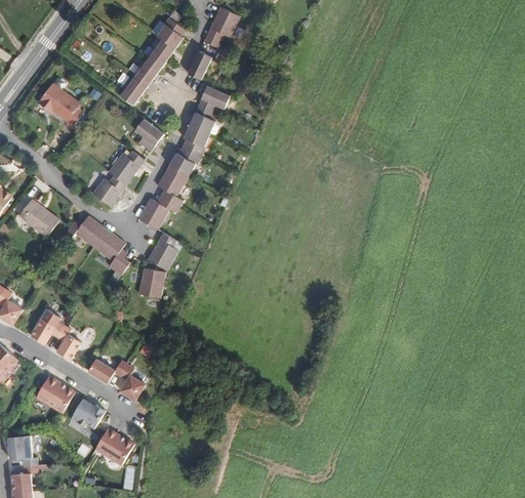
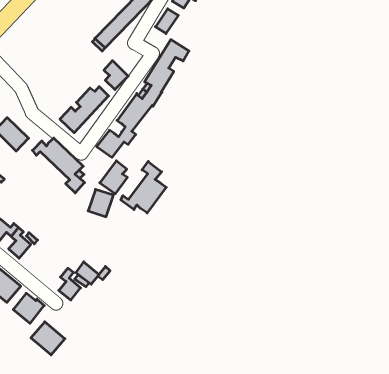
building: [38,84,84,127] -> none
building: none -> [121,161,166,213]
building: [85,357,124,381] -> [76,262,110,284]

